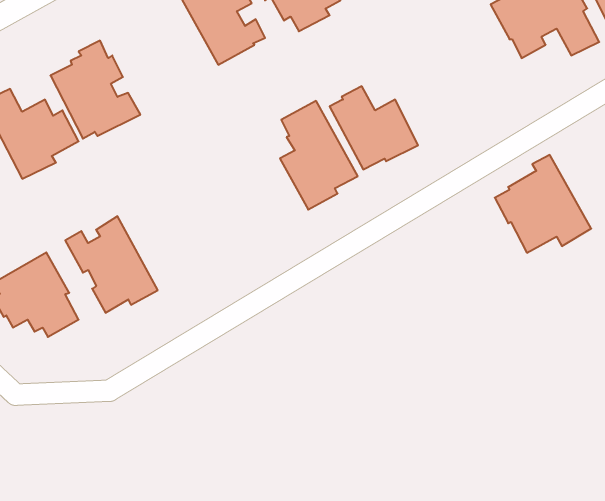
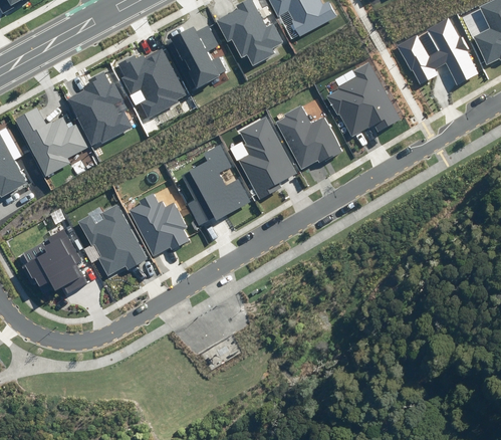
building: none -> [117,48,185,119]
building: none -> [181,146,251,226]
building: [495,155,591,253] -> [326,64,399,138]
building: none -> [129,194,189,256]

